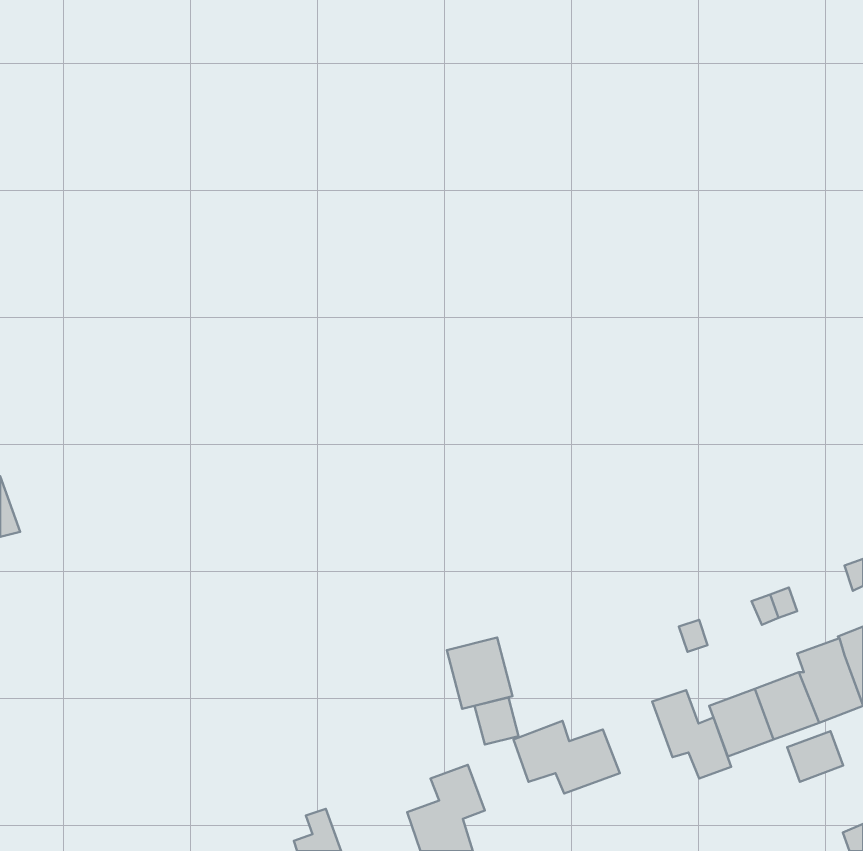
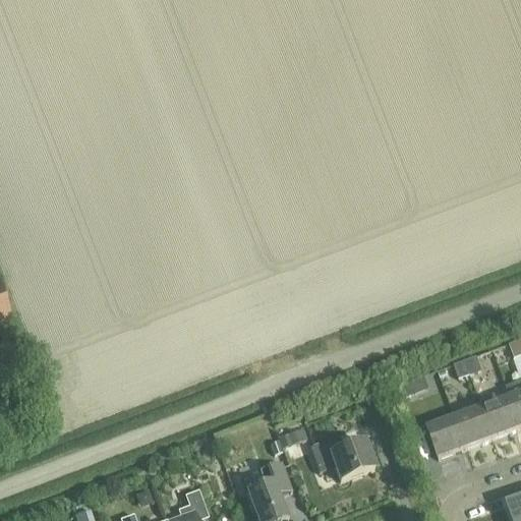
building: [447,637,512,709] -> none
building: [652,690,731,779] -> none
building: [787,731,843,782] -> none

